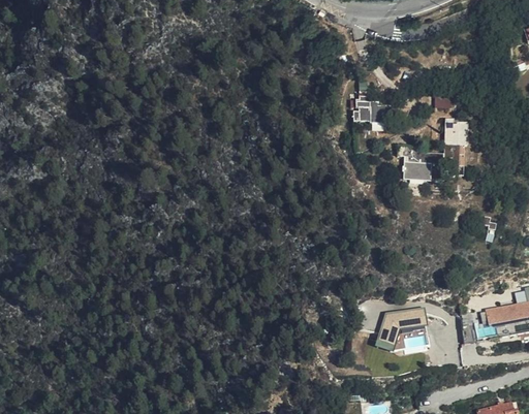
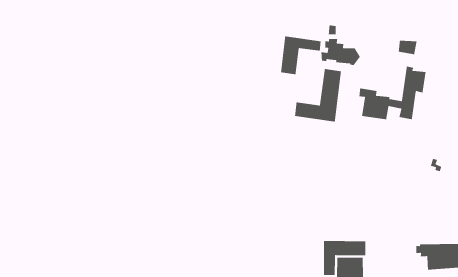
building: none -> [280,36,321,75]
building: none -> [294,68,342,122]

